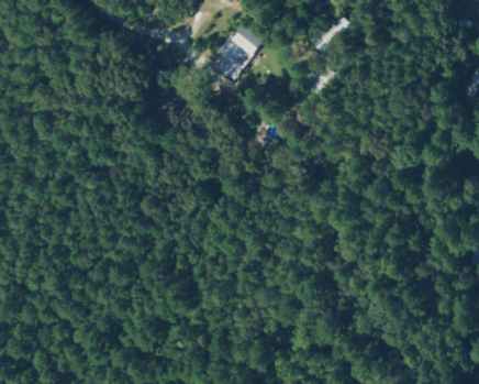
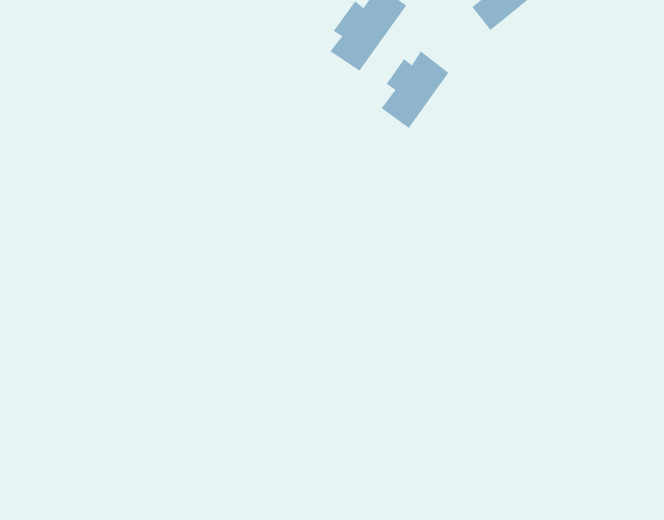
building: none -> [381,51,449,129]

